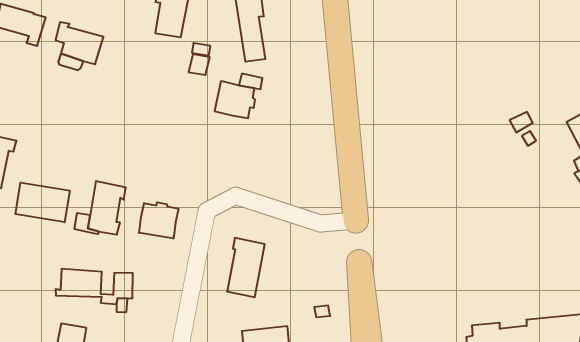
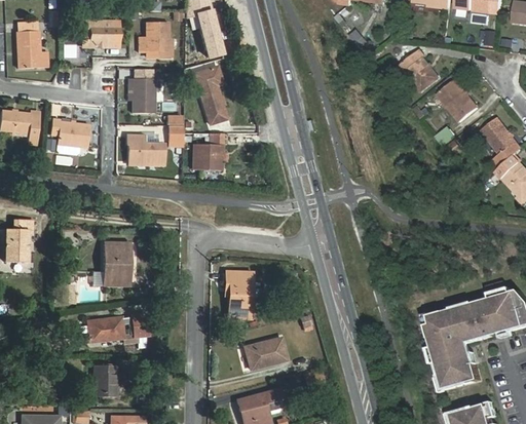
building: none -> [397,50,441,91]
building: none -> [439,79,480,121]
building: none -> [127,136,163,164]
building: [15,182,70,222] -> none
building: [139,202,178,239] -> none

